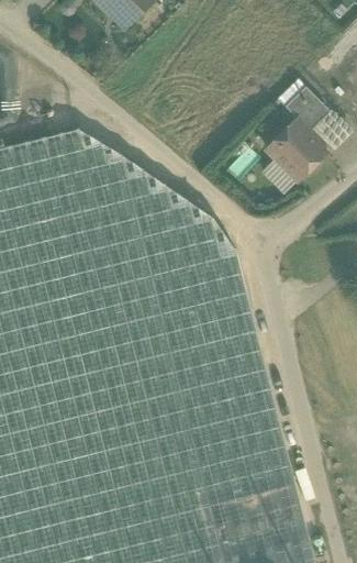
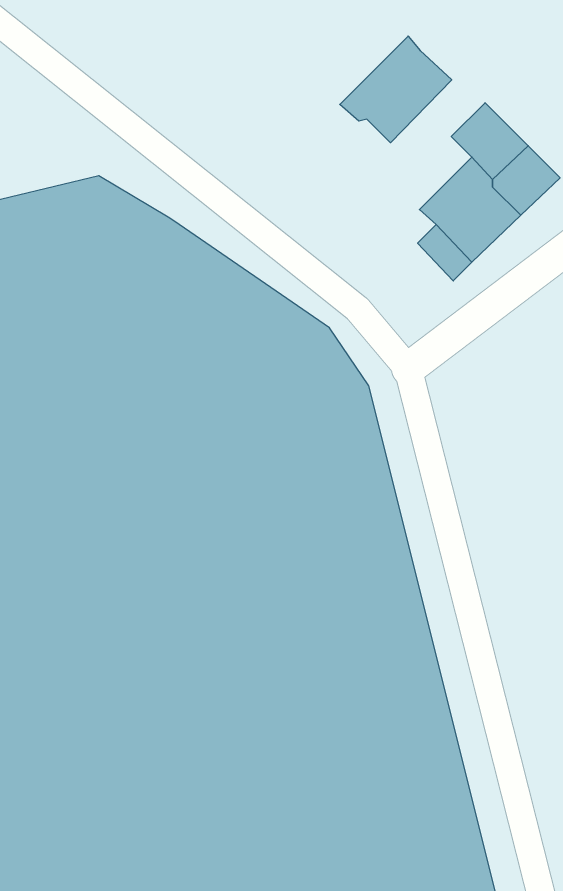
building: none -> [340,36,452,143]

